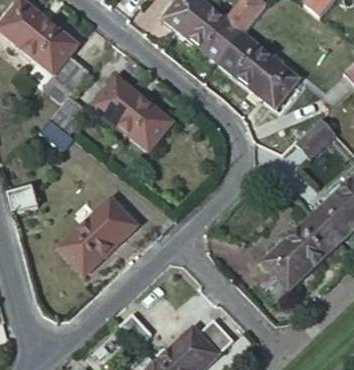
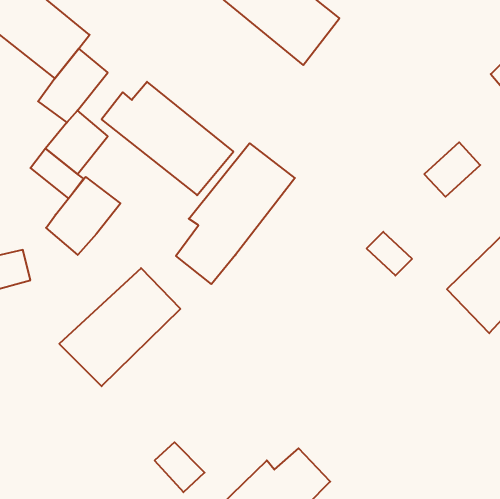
building: [217,33,299,114] -> none
building: none -> [176,143,295,284]
building: none -> [46,177,120,255]
building: [249,212,340,302] -> none

